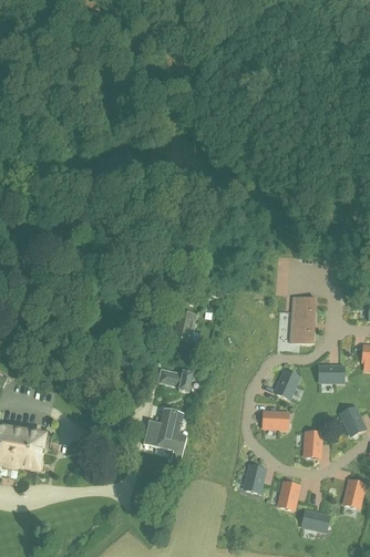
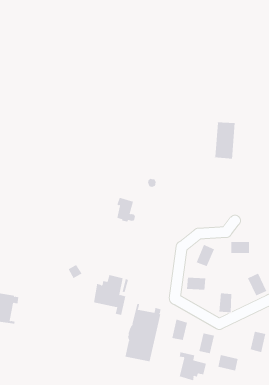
building: [288,296,316,343] -> [214,122,235,159]
building: [157,368,192,391] -> none
building: none -> [125,303,161,362]
building: none -> [179,351,206,381]

